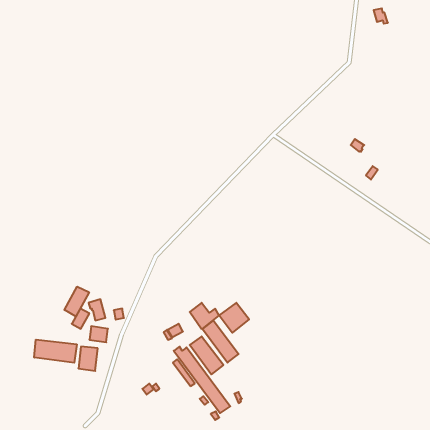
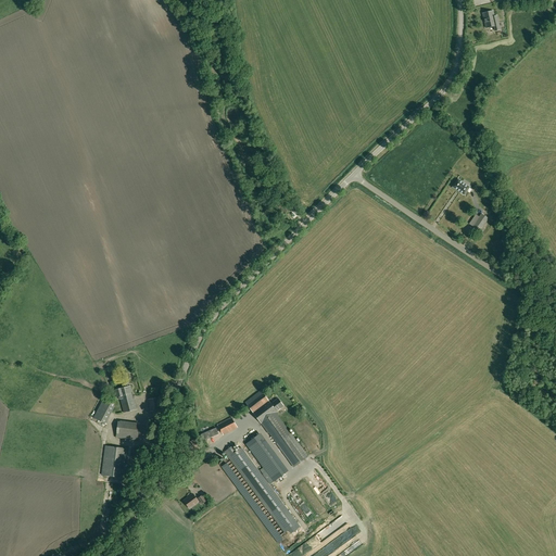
building: [64,287,89,316] -> none
building: [219,303,249,333] -> none
building: [34,340,77,363] -> none

